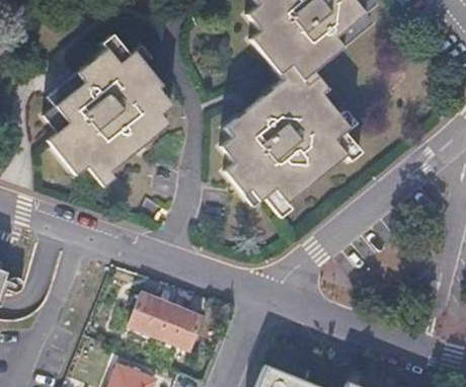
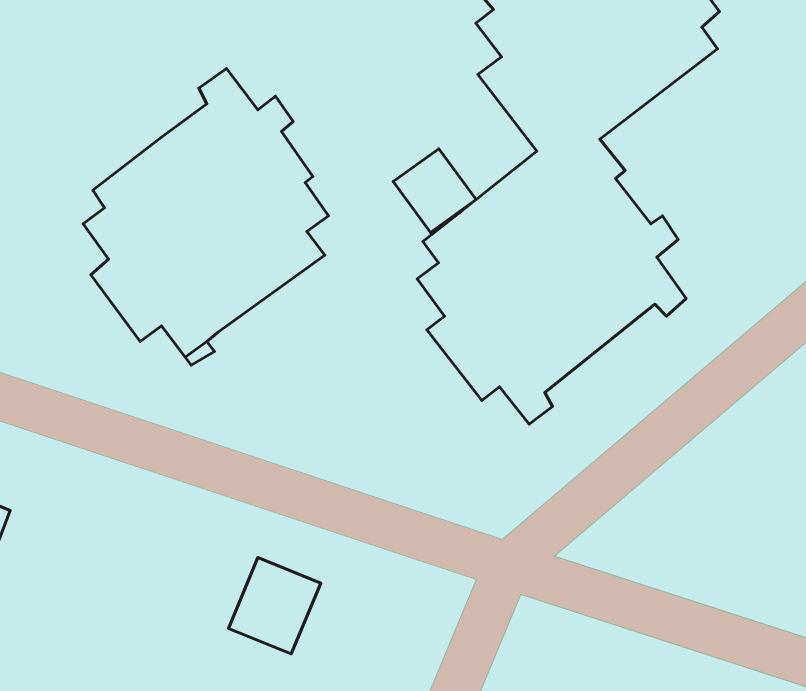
building: none -> [393,149,476,232]
building: [155,303,202,354] -> none

